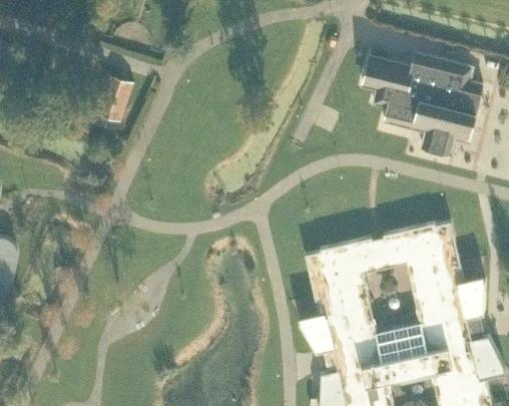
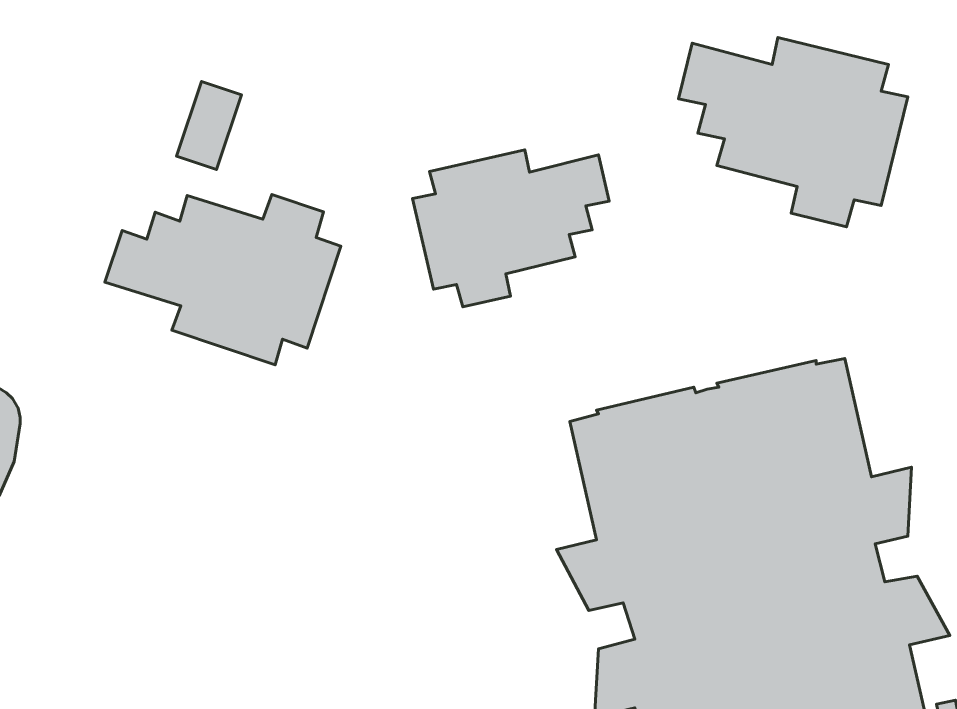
building: none -> [413,150,609,307]
building: none -> [105,195,341,365]

